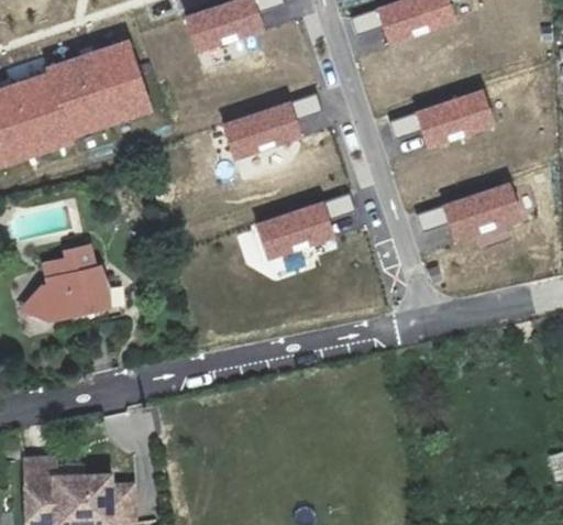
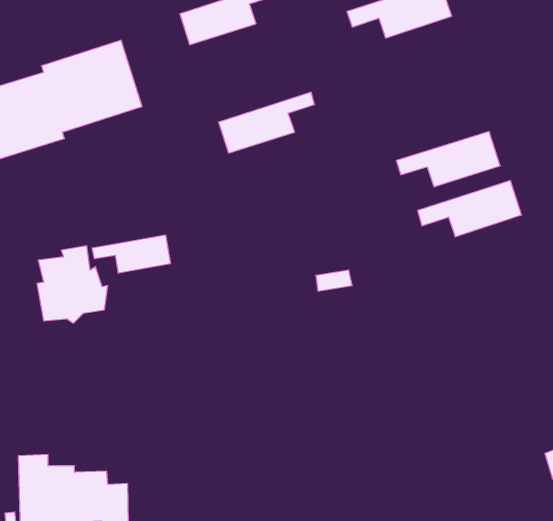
building: [391,90,495,145] -> [396,132,500,187]
building: [257,196,352,256] -> none
building: none -> [92,235,170,273]

